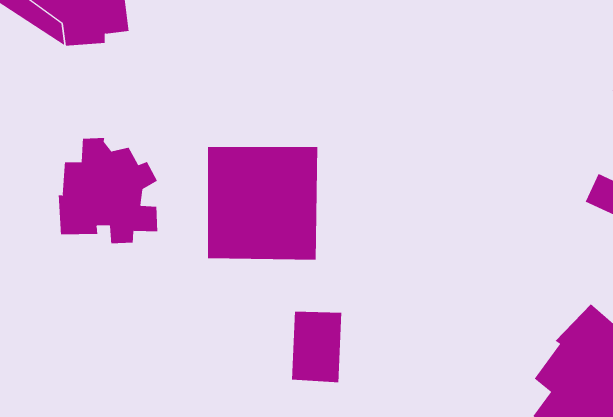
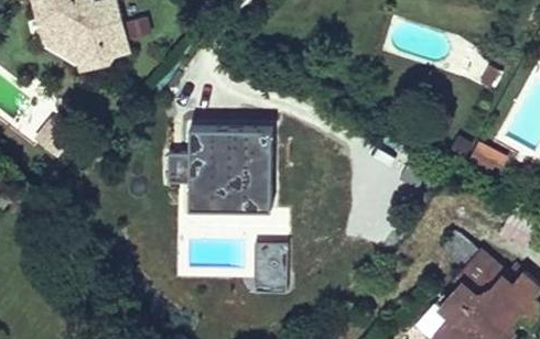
building: [58,137,158,244] -> none

